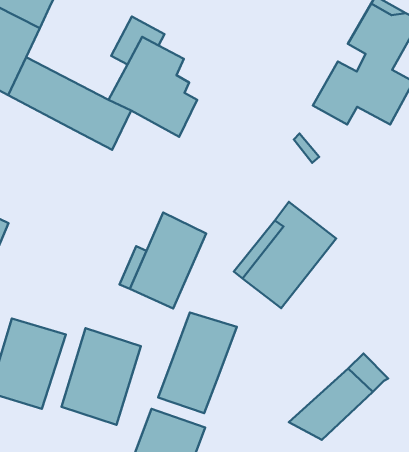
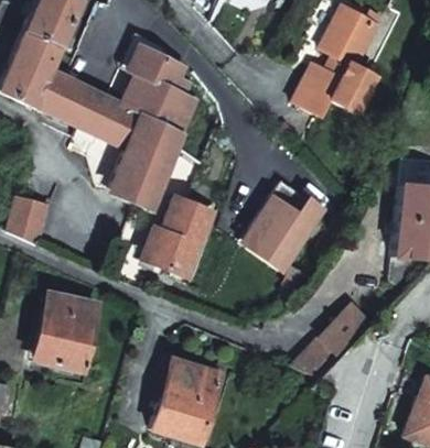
building: none -> [111,112,184,204]
building: [158,312,237,413] -> none
building: [61,328,141,425] -> none

